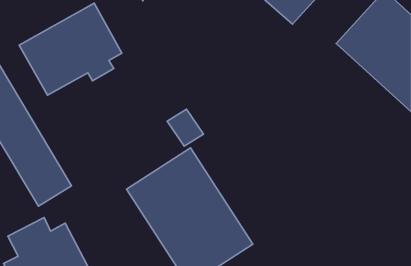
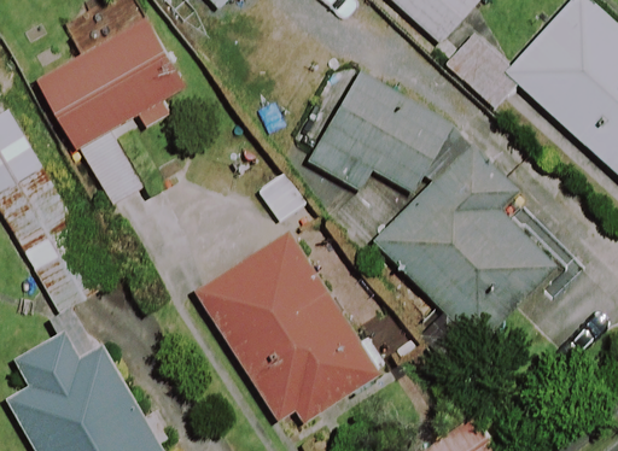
building: none -> [308,69,451,189]
building: none -> [374,146,554,342]

